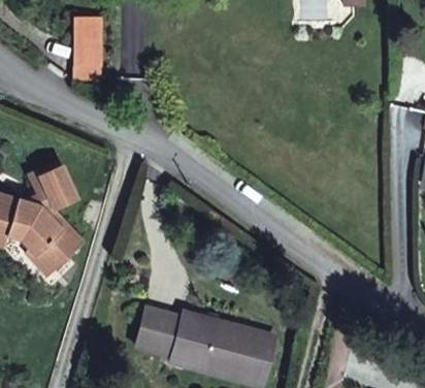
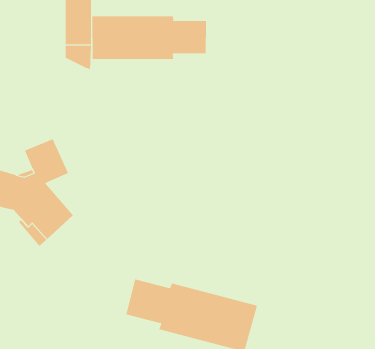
building: none -> [92,15,206,60]

